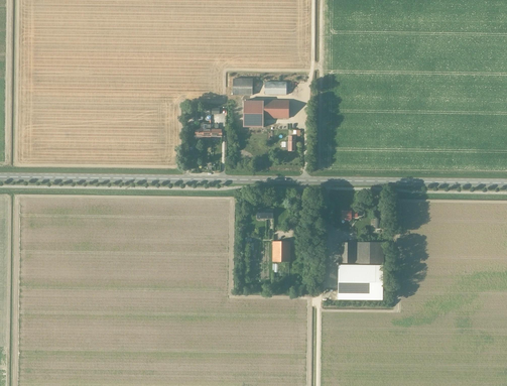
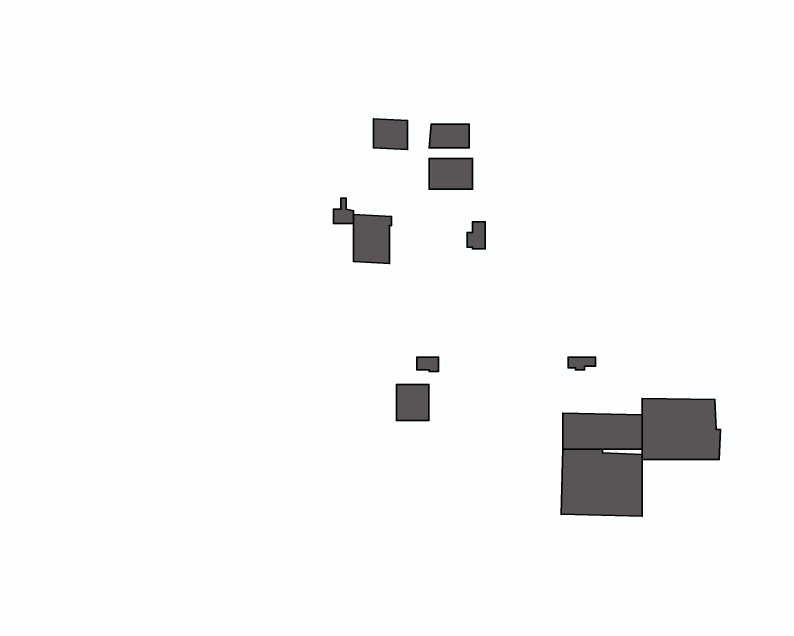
building: [243,100,264,127] -> [354,215,391,263]
building: none -> [642,399,720,460]
building: [272,241,290,261] -> [396,384,429,420]

